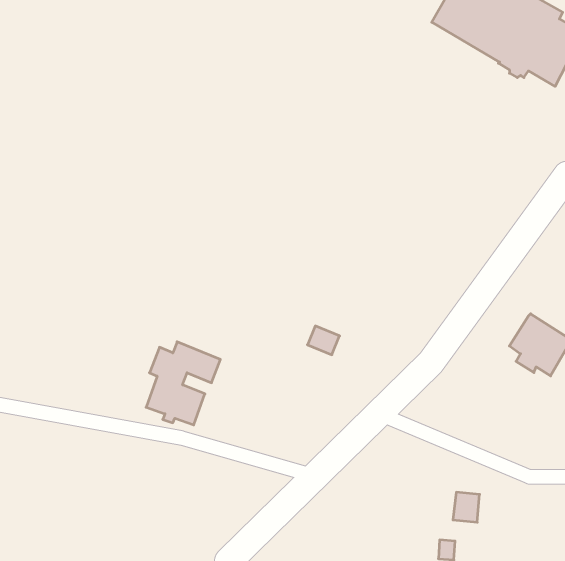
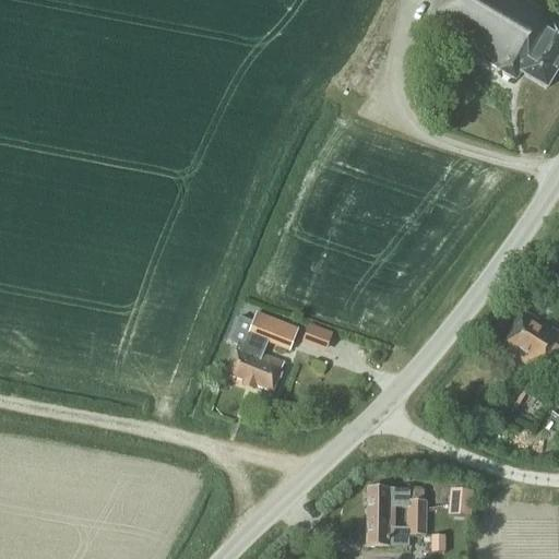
building: [146,342,220,425] -> [227,308,300,390]
building: none -> [367,486,426,544]

